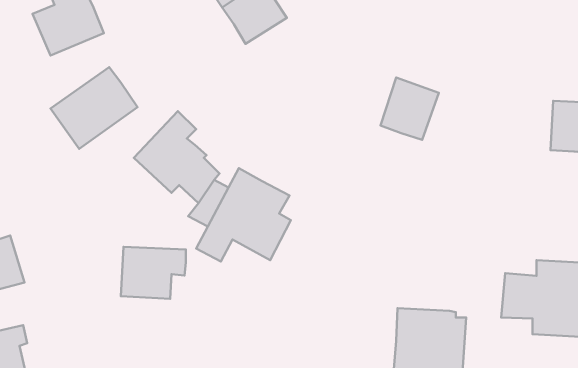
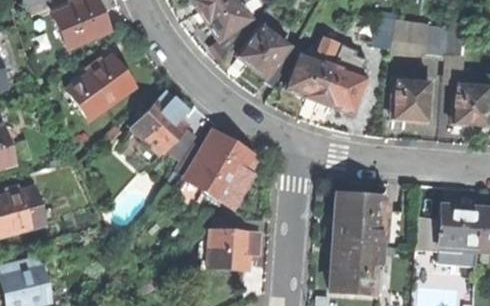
building: none -> [376,16,466,58]
building: none -> [238,24,296,87]
building: none -> [288,36,342,101]
building: none -> [393,79,431,119]
building: none -> [335,194,404,246]
building: [121,247,186,299] -> [210,229,260,269]

